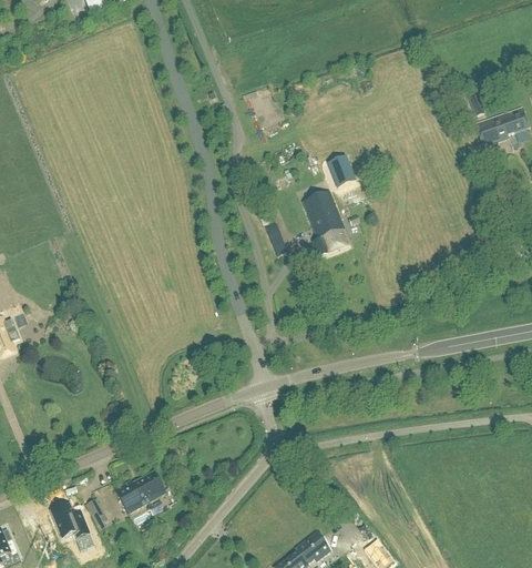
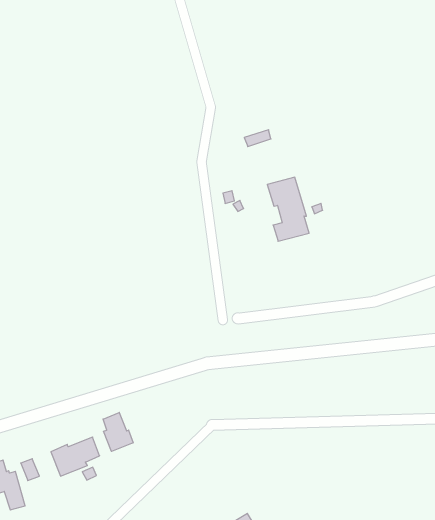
building: [328,155,356,187] -> none
building: none -> [103,412,133,451]

